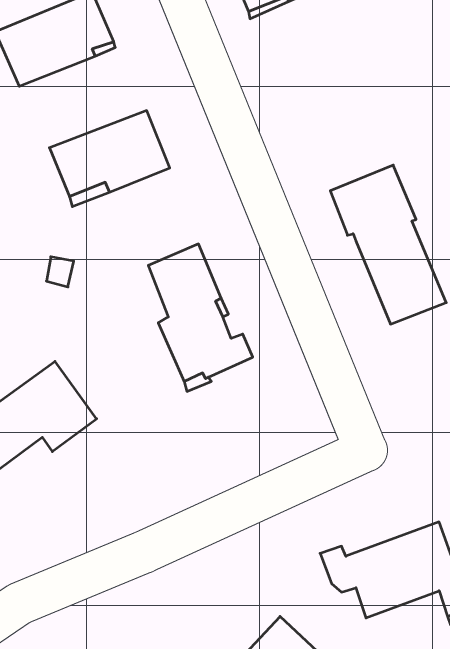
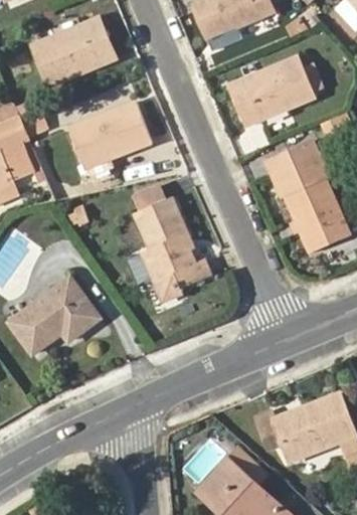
building: none -> [229,56,317,125]

